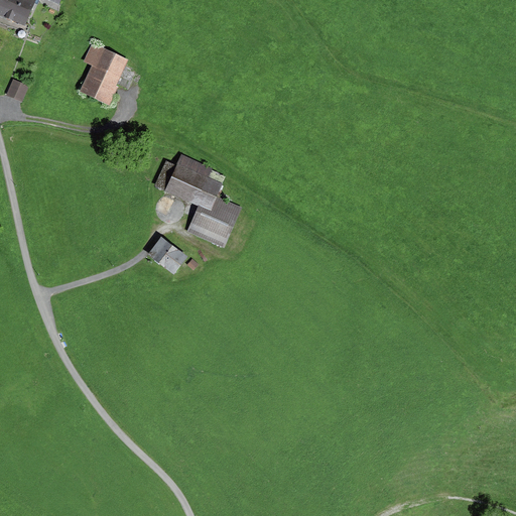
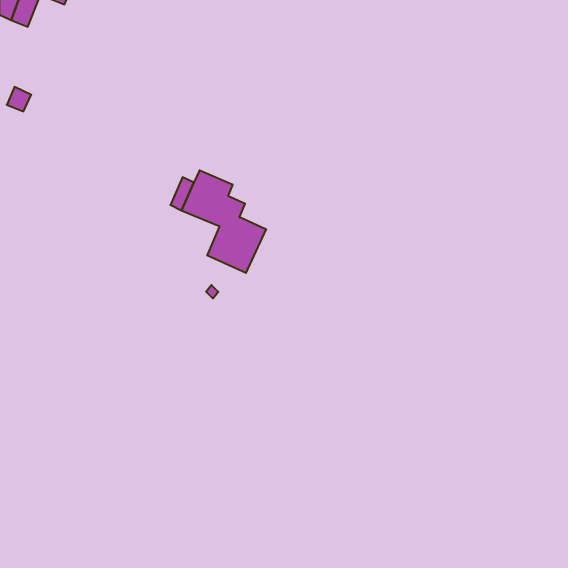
building: [79,42,128,105] -> none
building: [147,237,186,274] -> none

